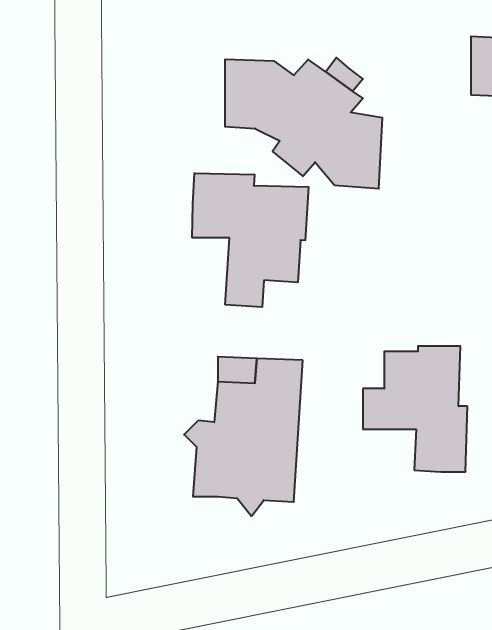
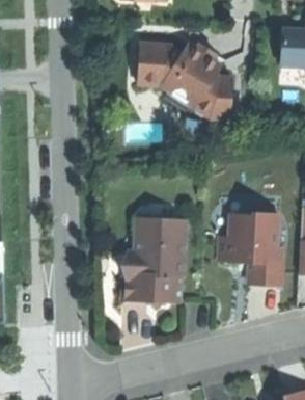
building: [192,173,309,307] -> none

